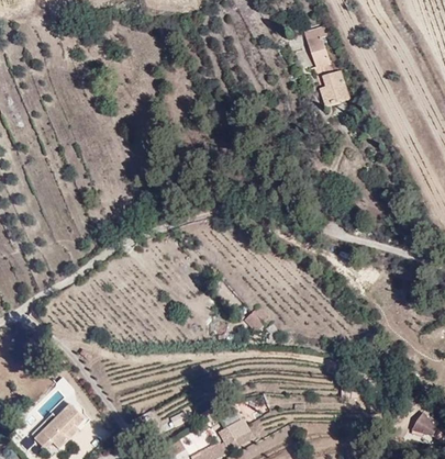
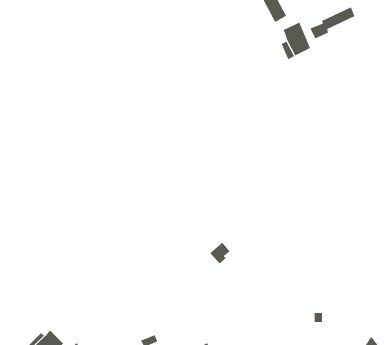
building: none -> [309,6,355,39]

